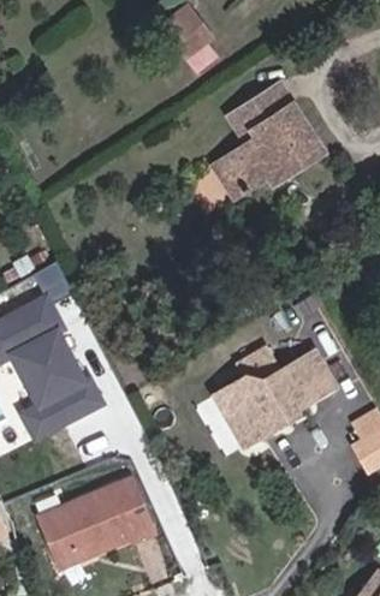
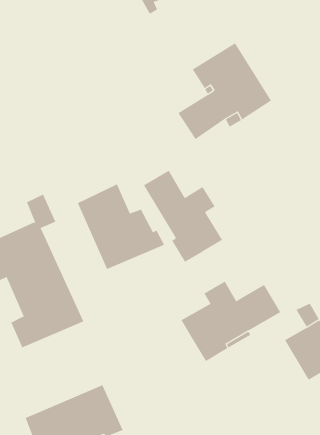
building: none -> [143,170,223,263]
building: none -> [77,184,165,270]

